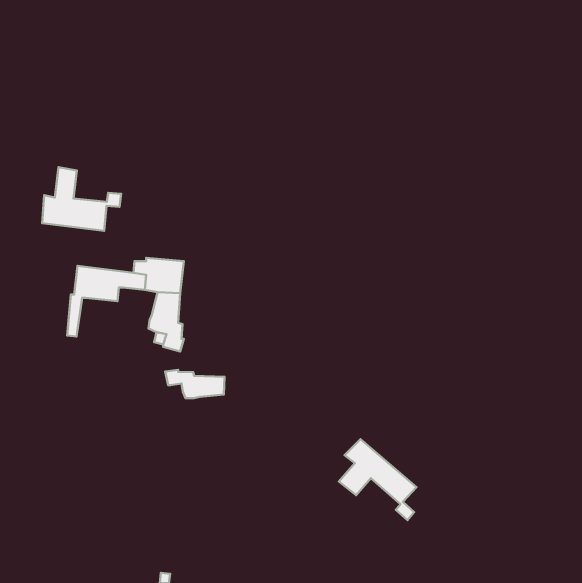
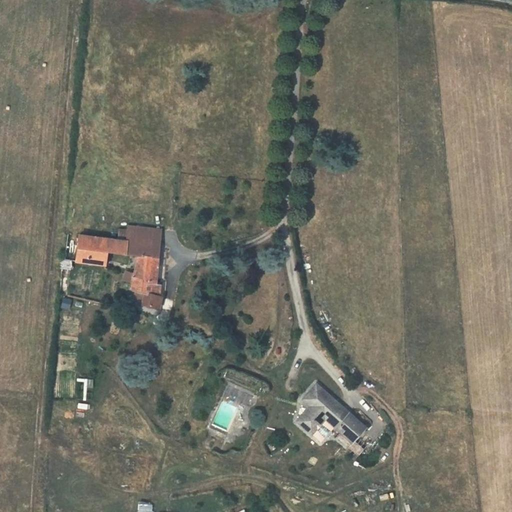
building: [42,167,121,231] -> none
building: [165,370,225,398] -> none

